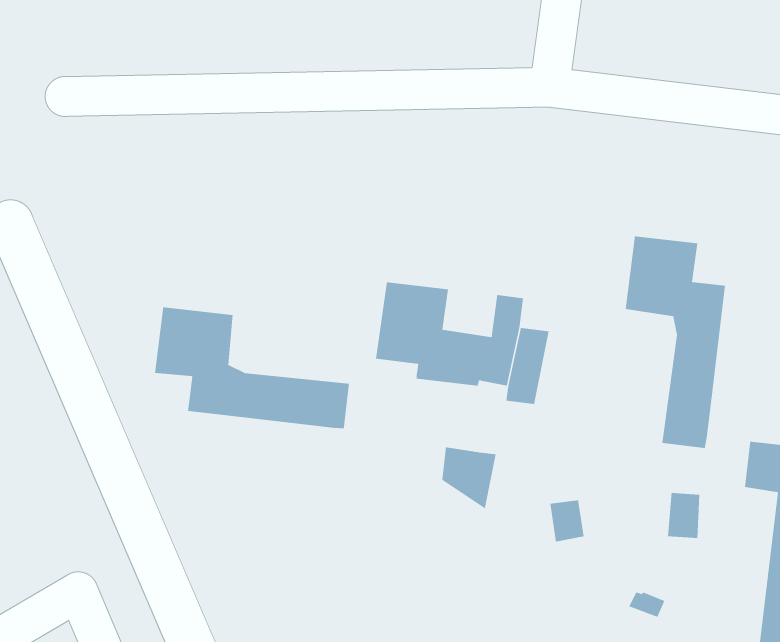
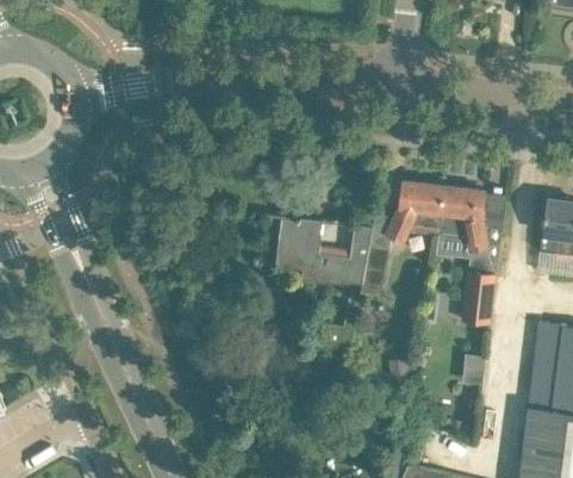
building: none -> [387,181,443,242]
building: [155,307,349,429] -> none

